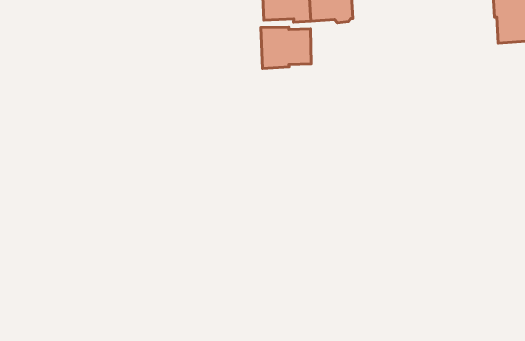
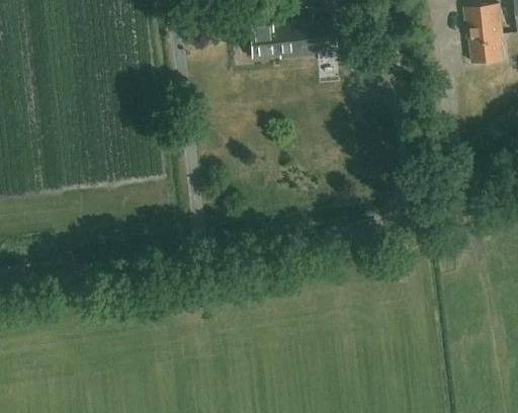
building: [261,27,311,68] -> none

